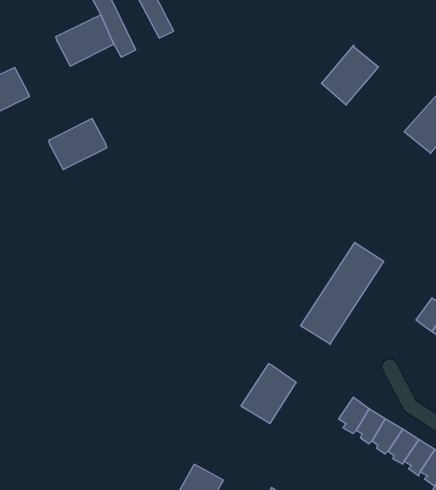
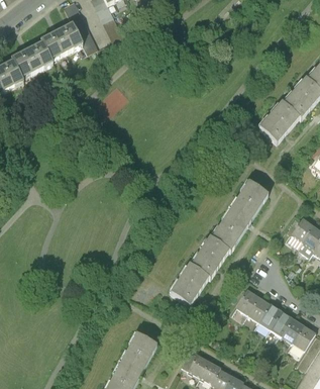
building: [321,45,378,105] -> [258,102,298,143]
building: [49,119,107,170] -> [11,41,51,77]
building: none -> [190,237,228,279]

